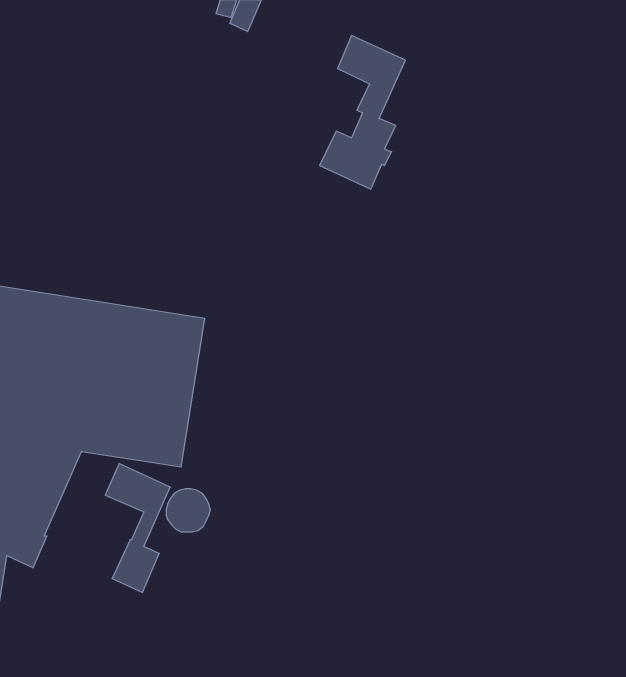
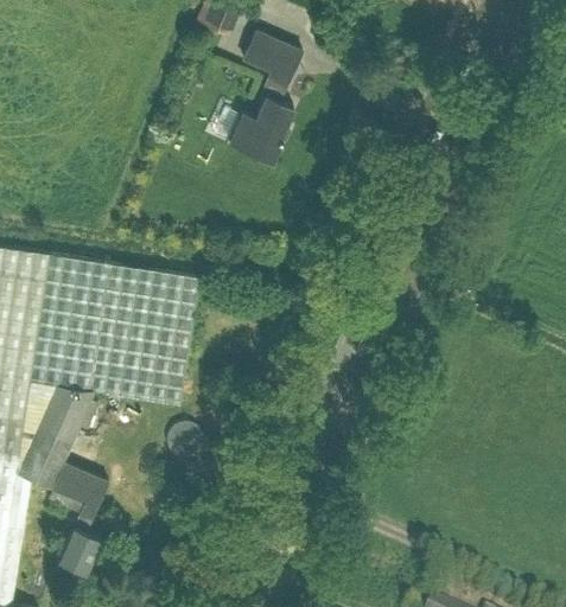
building: [320,35,405,189] -> [228,31,301,162]
building: [105,463,170,592] -> [52,464,108,574]

